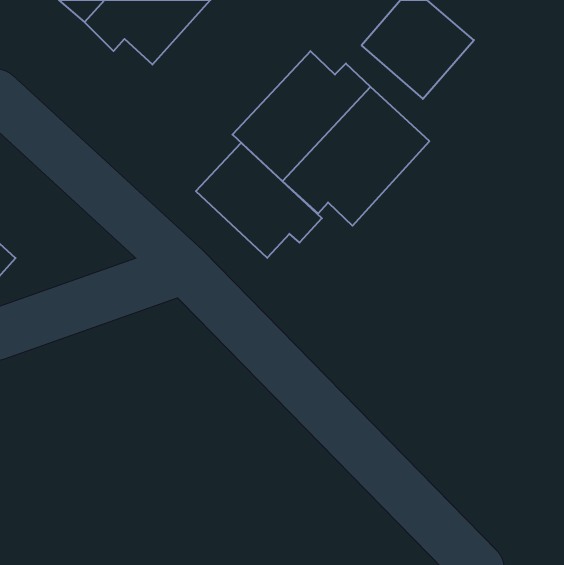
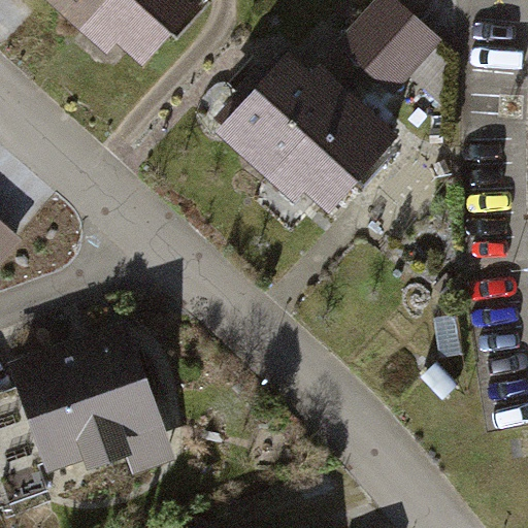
building: [196,143,322,258] -> none
building: none -> [10,327,171,475]

